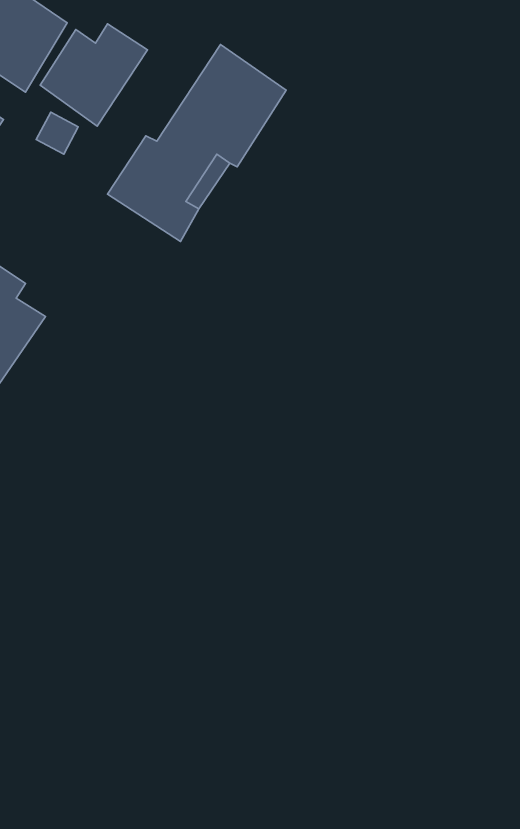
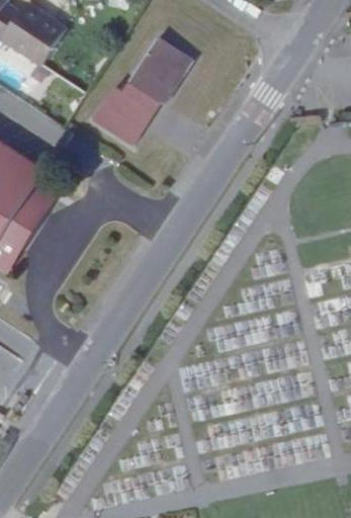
building: [40,24,148,126] -> none

